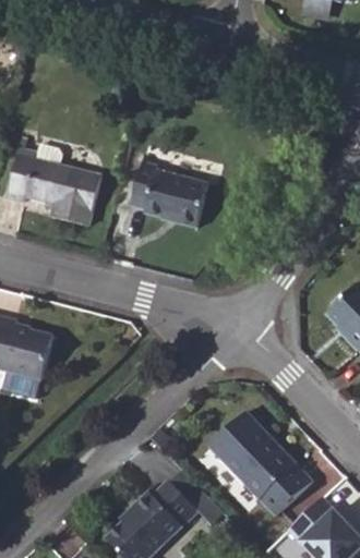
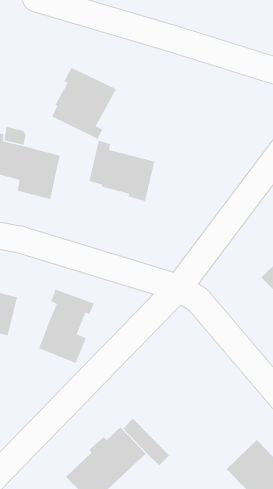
building: none -> [51,67,117,140]
building: none -> [38,289,95,364]
building: [207,413,310,517] -> none

